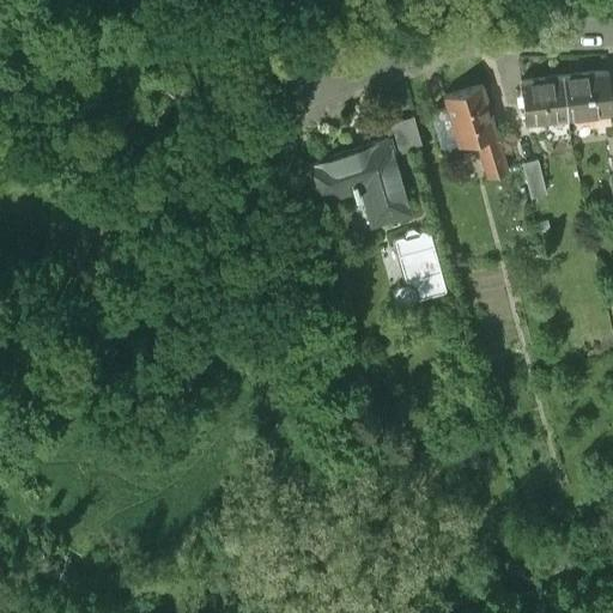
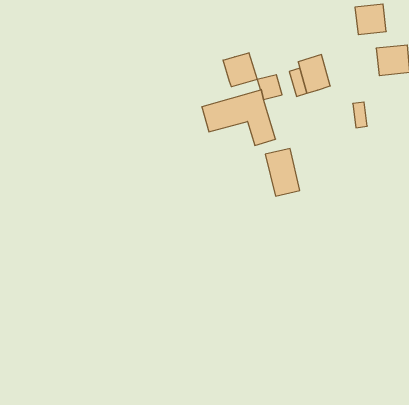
building: [521,80,568,126] -> [355,4,386,35]
building: none -> [223,53,257,87]
building: [475,136,505,180] -> none

